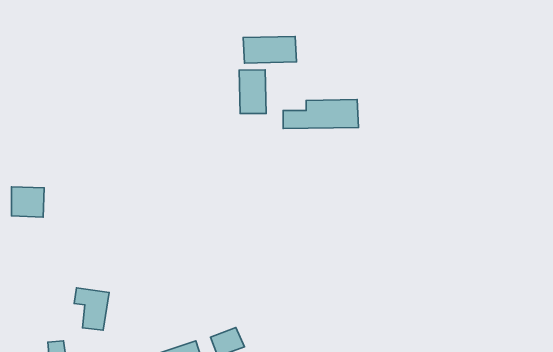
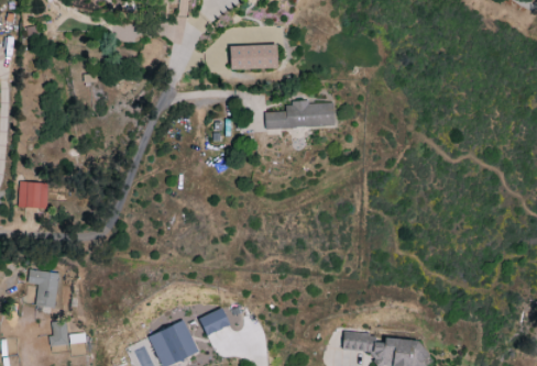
building: [239,70,266,114] -> none
building: [74,288,109,330] -> [29,269,61,308]

